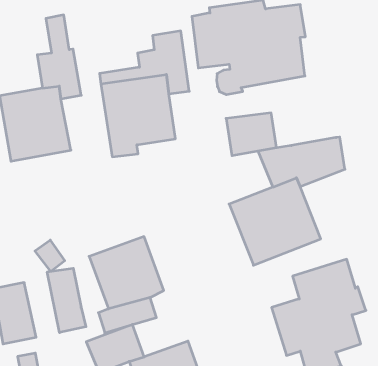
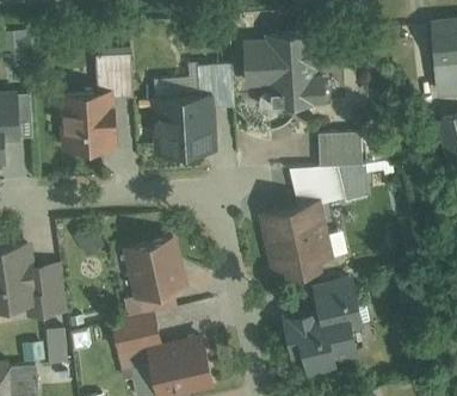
building: [226,113,277,156] -> [317,134,360,168]
building: [47,268,86,333] -> none

